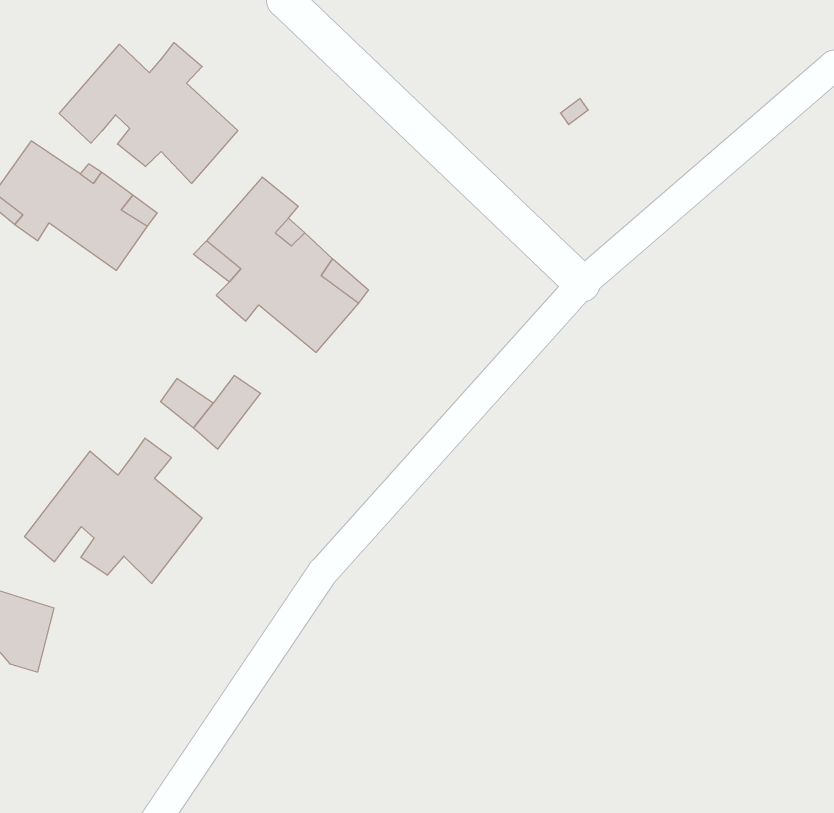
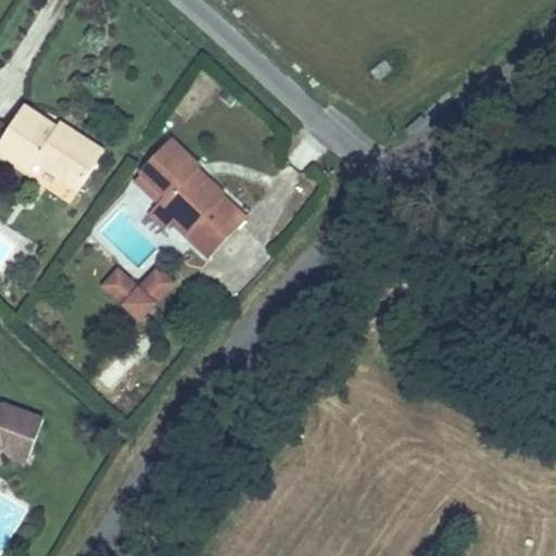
building: [59,43,238,183] -> none
building: [25,438,202,583] -> none

